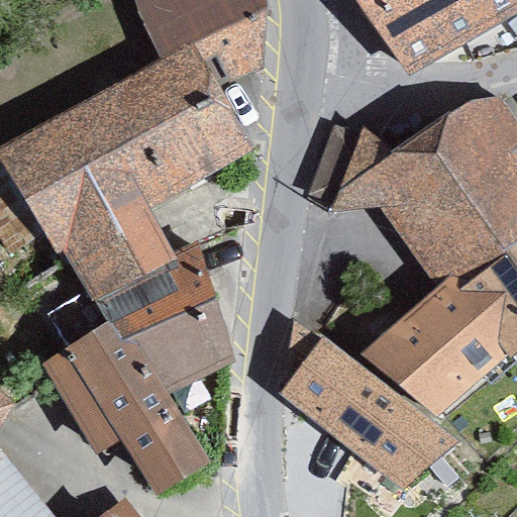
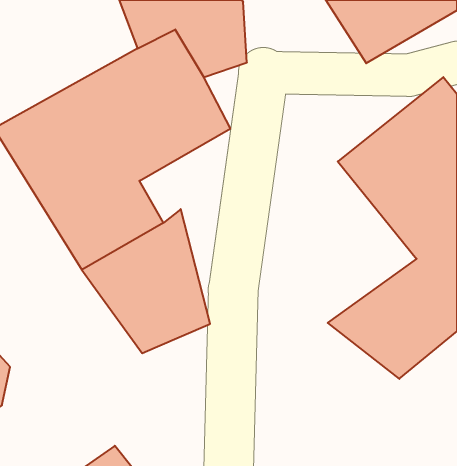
building: [41,317,213,490] -> none
building: [272,328,464,496] -> none

